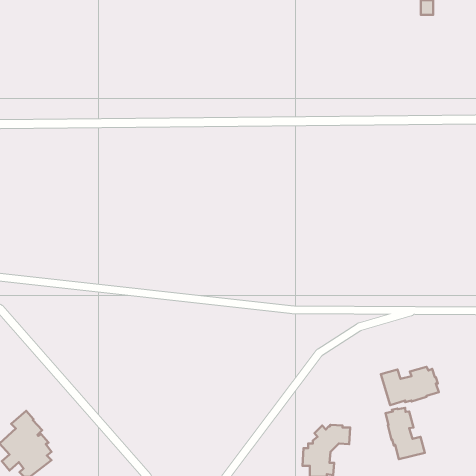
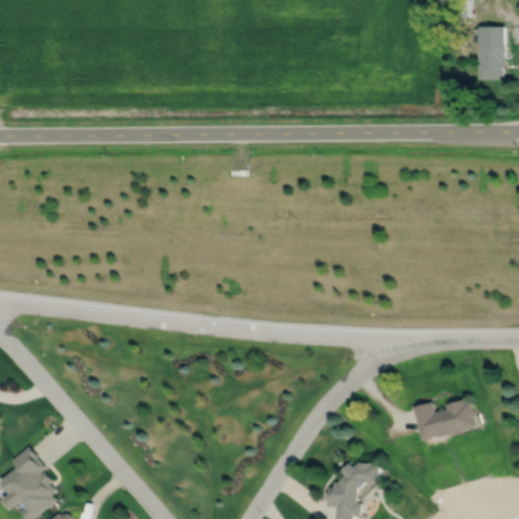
building: none -> [476,24,504,78]
building: [386,408,425,459] -> none

